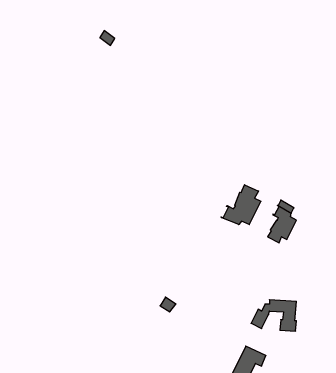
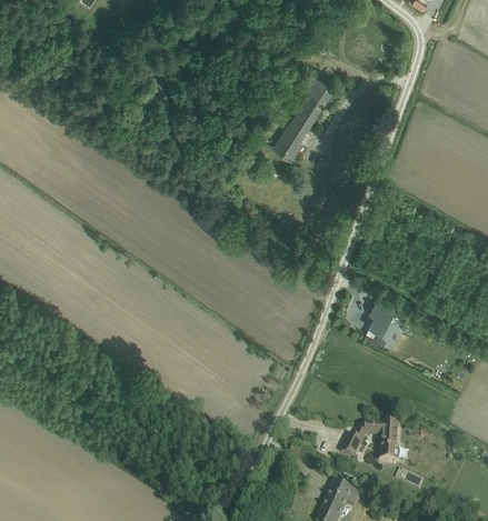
building: none -> [275,69,328,156]
building: [221,185,261,225] -> none

